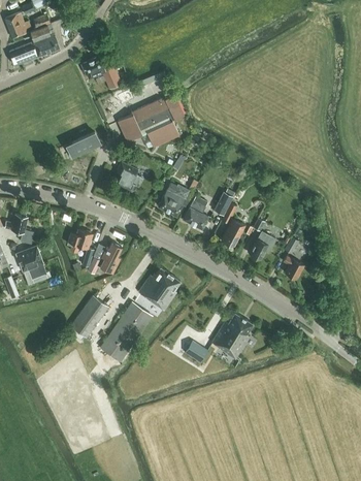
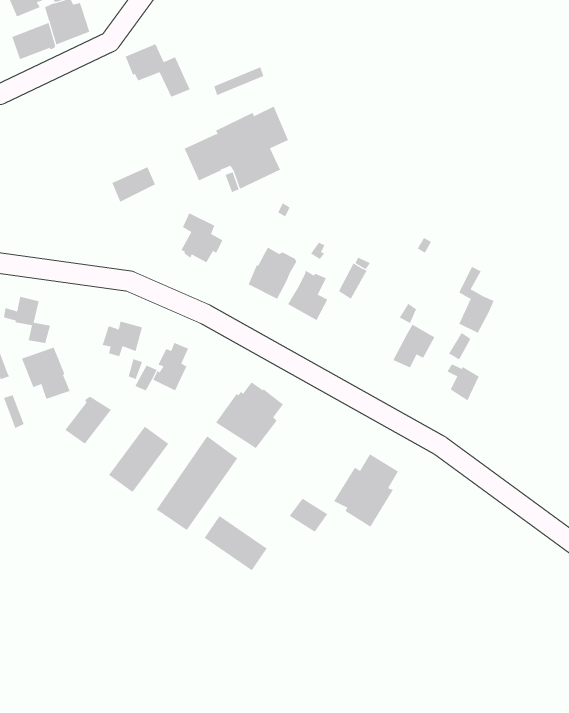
building: [222,203,244,246] -> [458,266,495,334]
building: none -> [65,396,112,445]
building: none -> [204,515,268,571]

